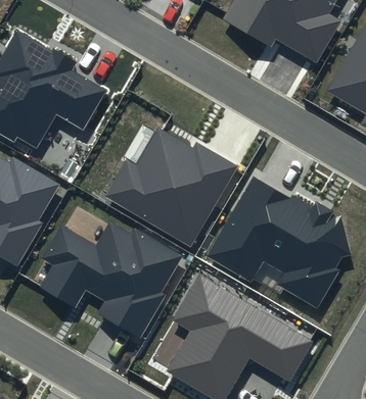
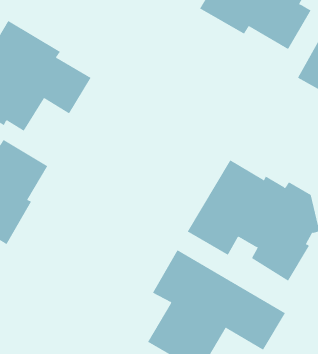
building: [104,127,238,245] -> none
building: [40,221,183,340] -> none

